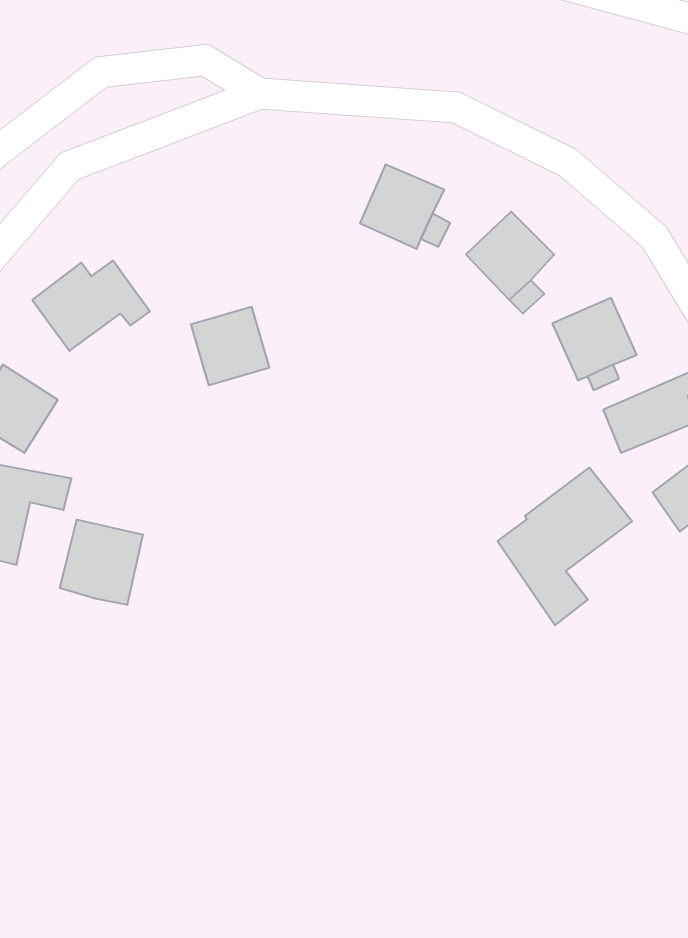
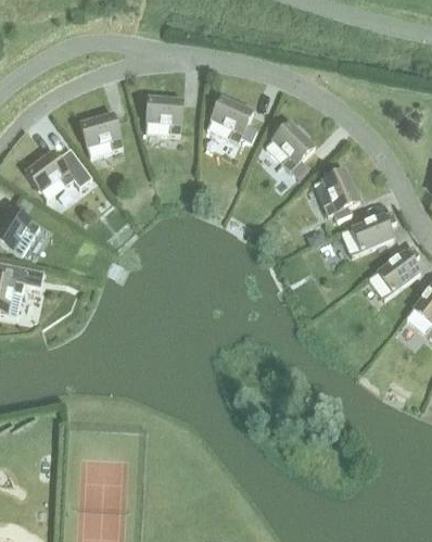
building: none -> [144,97,182,134]
building: [191,307,269,385] -> [79,113,123,156]
building: [498,467,632,625] -> none
building: [60,520,143,605] -> none

